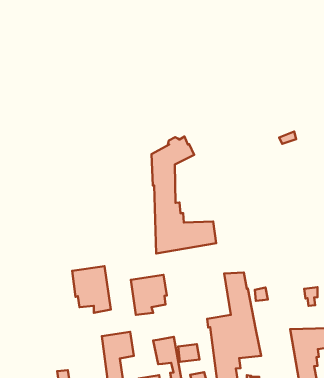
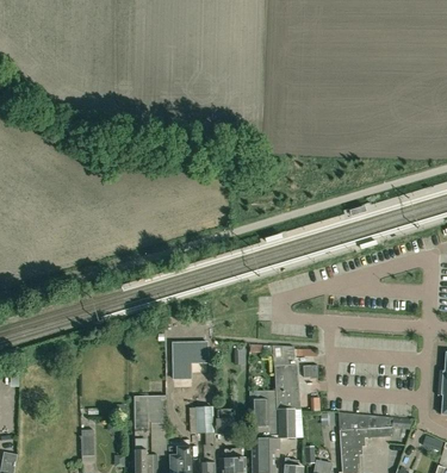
building: [151,136,216,254] -> none
building: [72,266,111,313] -> none

